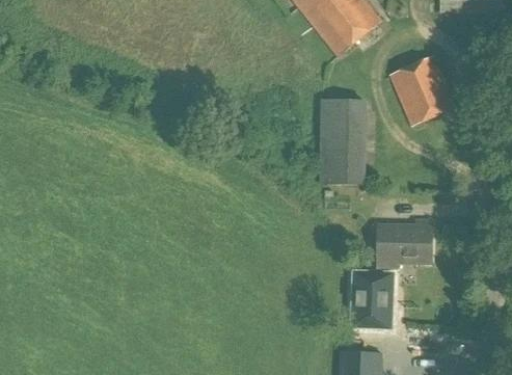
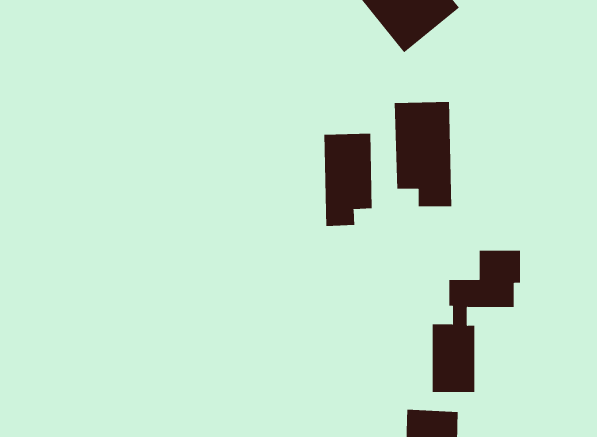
building: [386,55,455,128] -> none
building: none -> [324,133,372,227]

